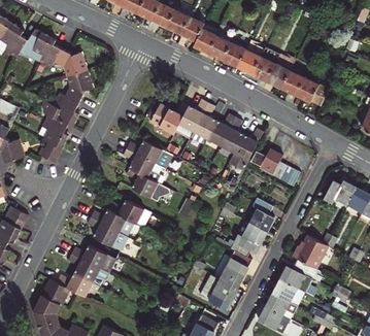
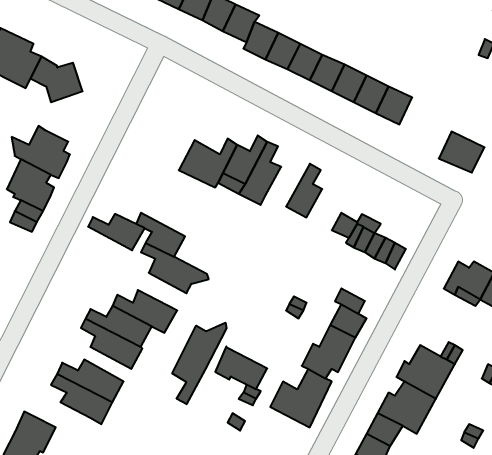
building: [64,71,93,104] -> none
building: [295,75,325,102] -> [439,132,485,173]
building: [207,114,236,146] -> none
building: [229,130,263,170] -> none
building: [126,142,163,166] -> [88,214,145,250]
building: none -> [172,323,227,404]
building: [56,274,93,298] -> none
building: [202,276,236,304] -> [215,346,267,389]

